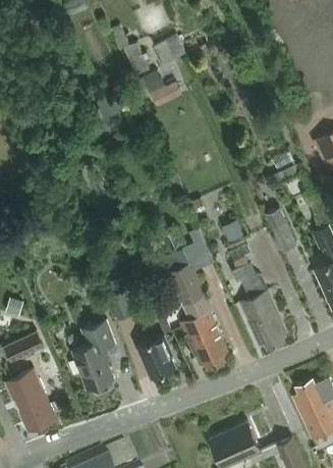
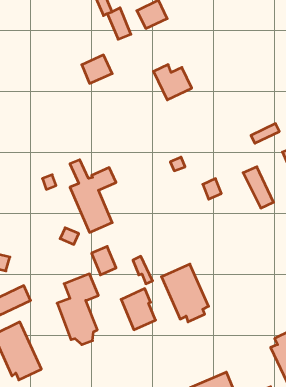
building: [142,71,181,108] -> [153,65,192,100]
building: [162,230,210,306] -> [70,160,116,232]
building: [232,257,287,349] -> none

